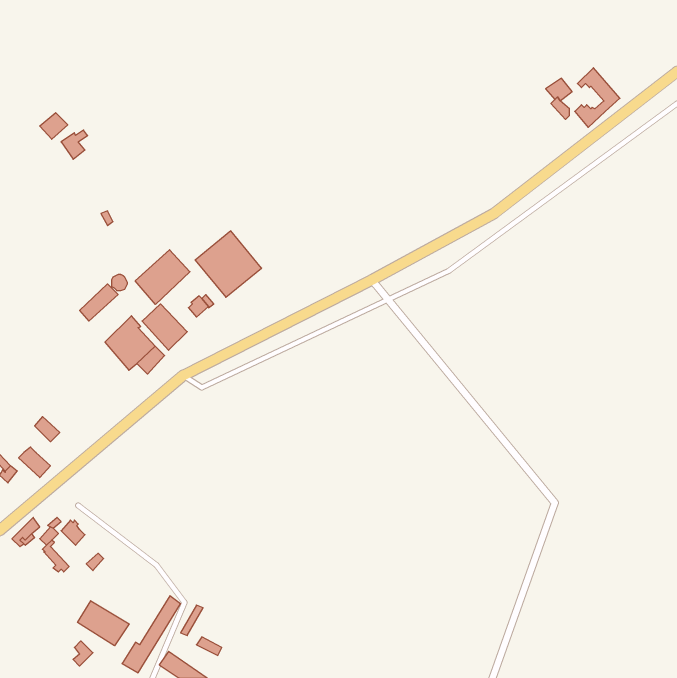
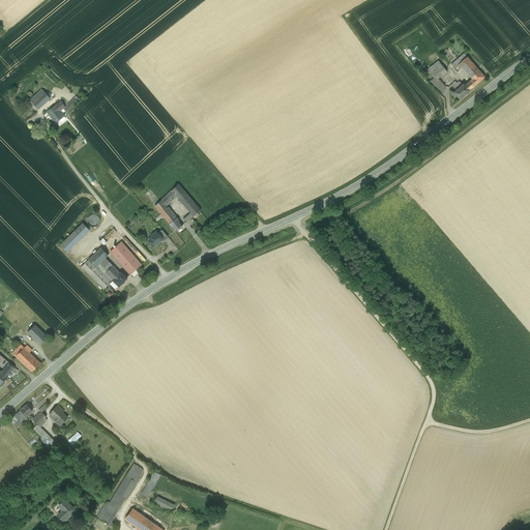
building: [135,250,190,304] -> none
building: [78,601,129,646] -> none

